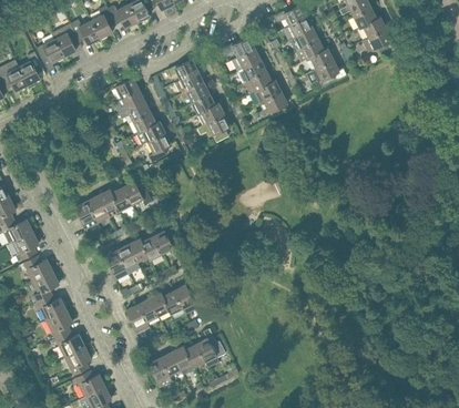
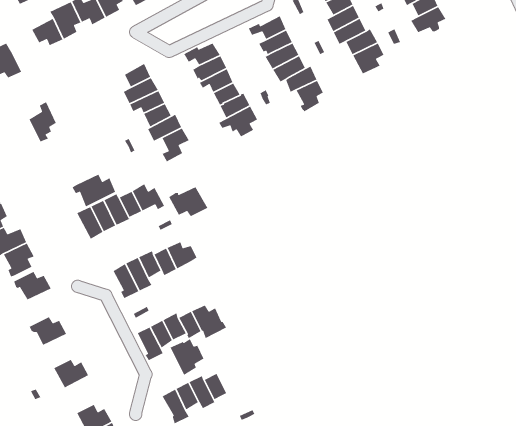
building: [19,52,43,88] -> [28,101,57,143]
building: none -> [71,173,116,207]
building: none -> [168,186,208,217]
building: [31,272,59,304] -> none
building: [45,310,73,339] -> none
building: [195,336,225,368] -> [170,338,204,376]
building: [64,346,91,376] -> none

